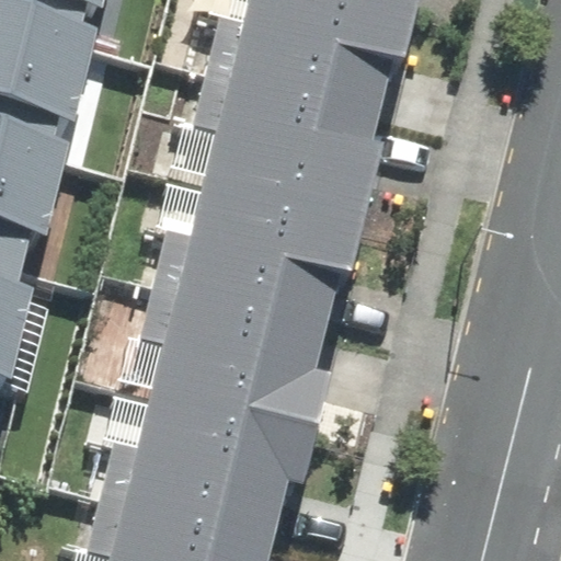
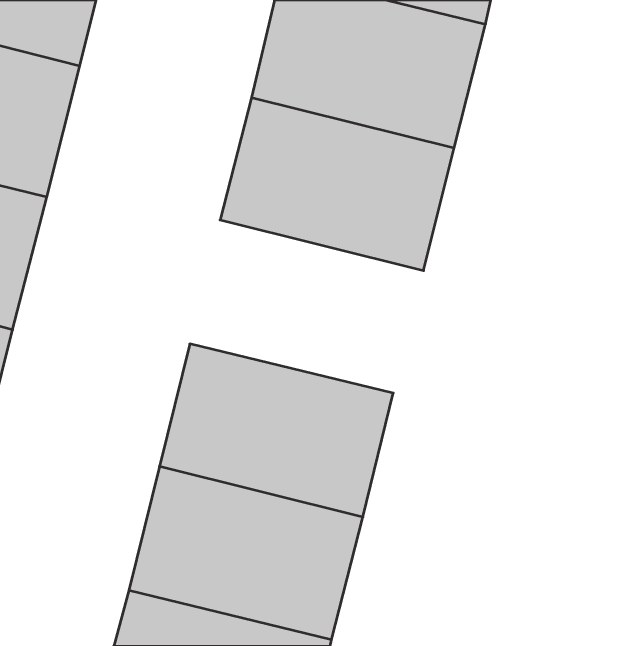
building: [164,191,367,341] -> none

